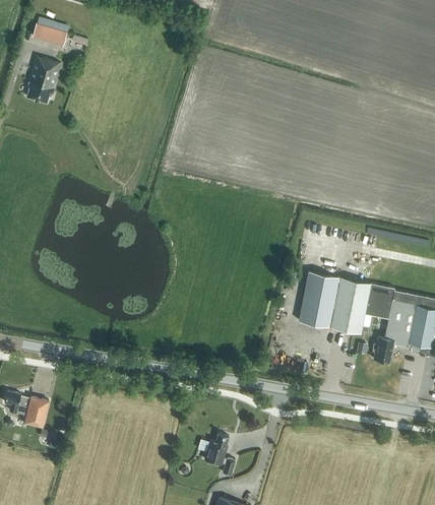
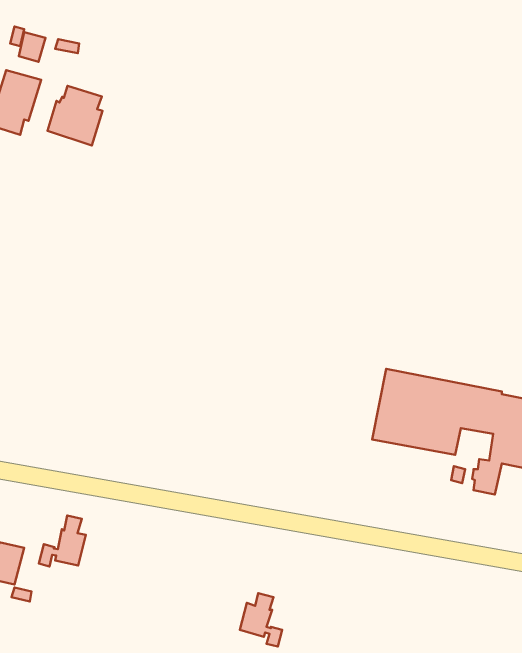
building: none -> [47,86,103,145]
building: none -> [39,515,86,566]

